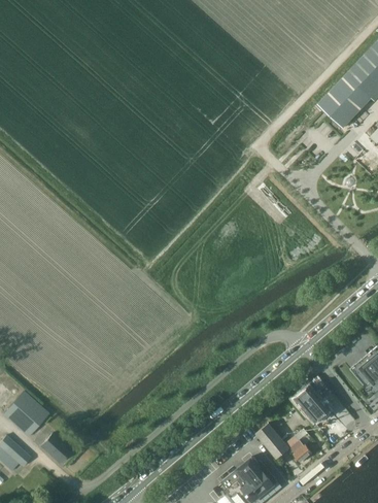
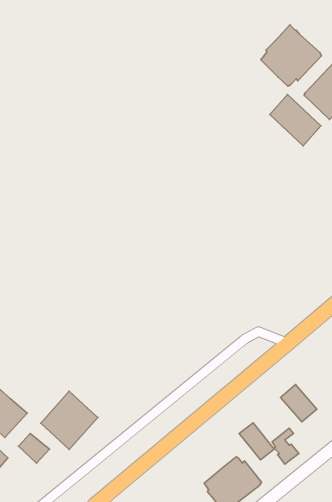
building: none -> [261,25,321,86]
building: none -> [270,95,321,146]
building: none -> [41,391,98,449]

